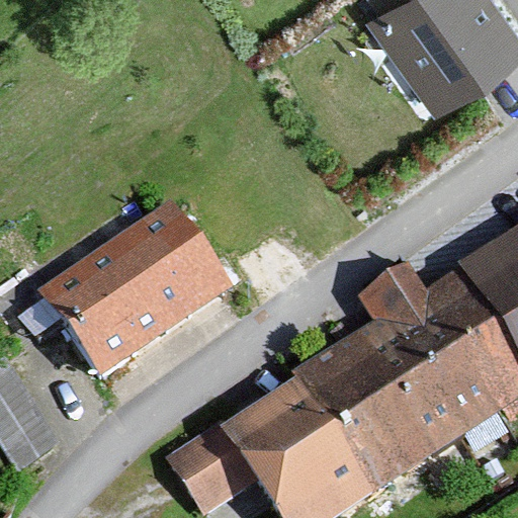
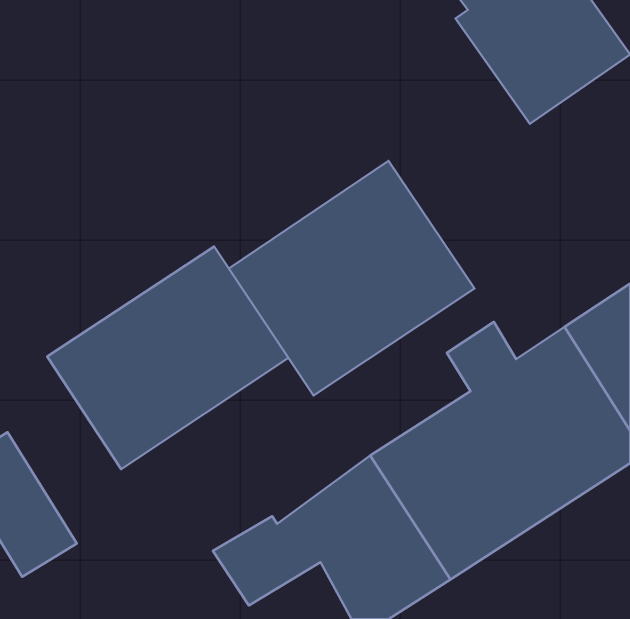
building: none -> [229,161,474,396]

